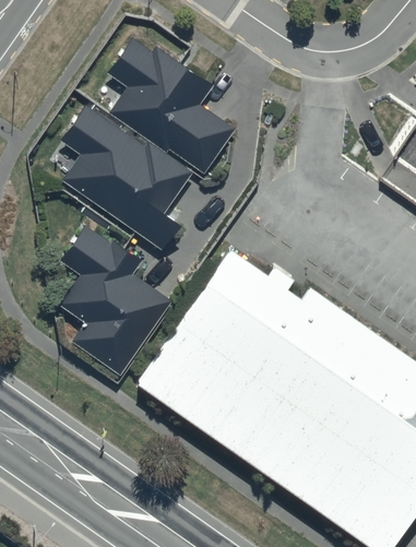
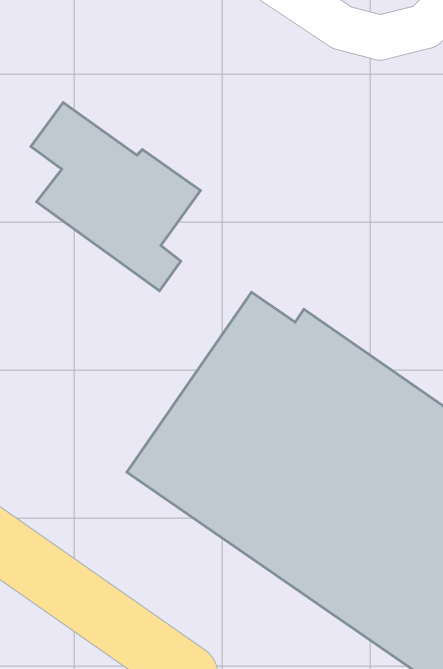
building: [108,35,236,171] -> none
building: [60,224,173,374] -> none

